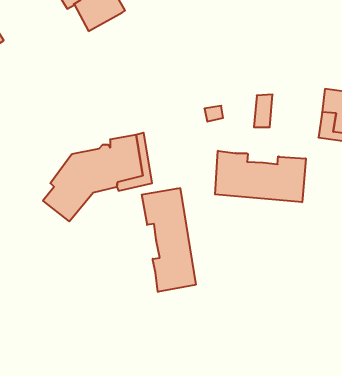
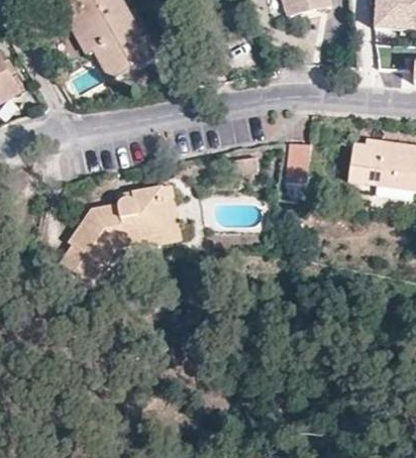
building: [215,151,306,202] -> none
building: [142,188,196,292] -> none

